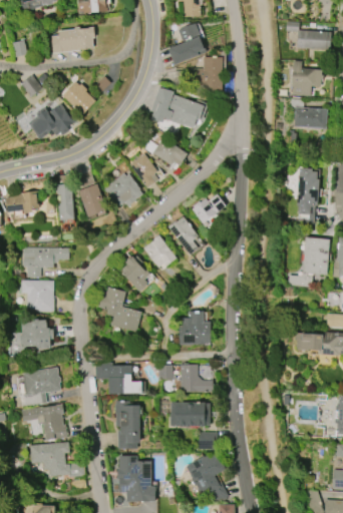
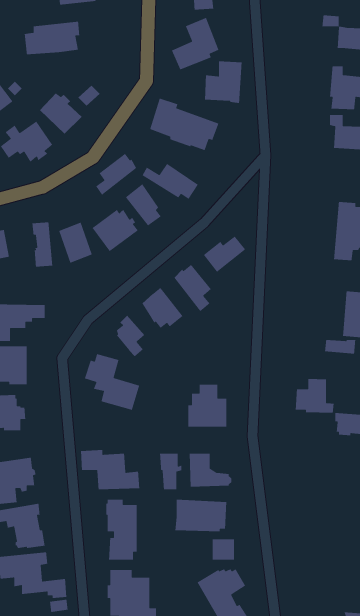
building: none -> [95,153,137,196]
building: none -> [295,378,335,414]

